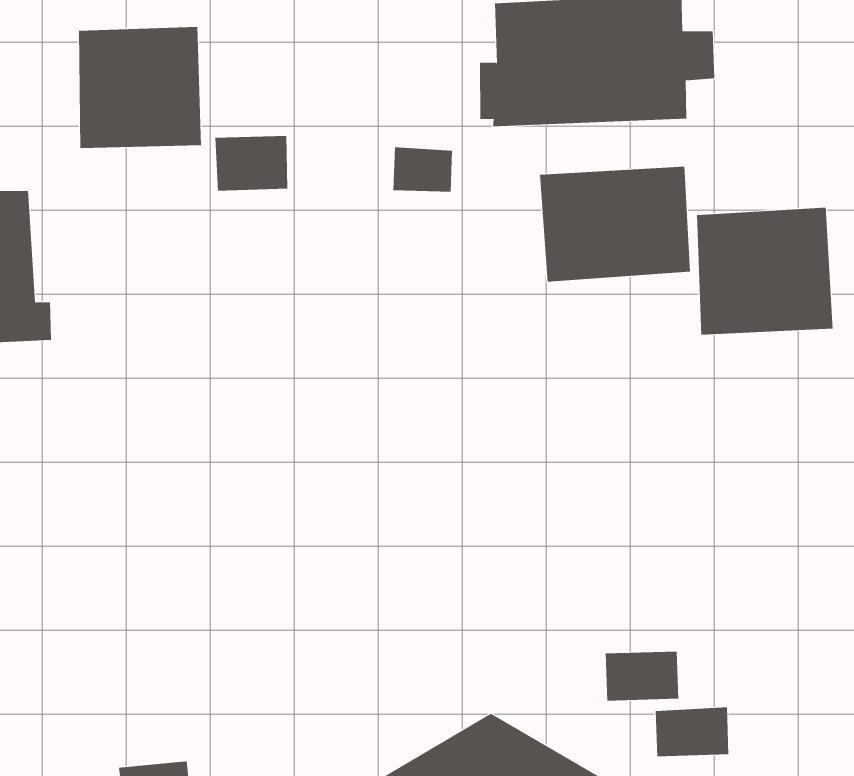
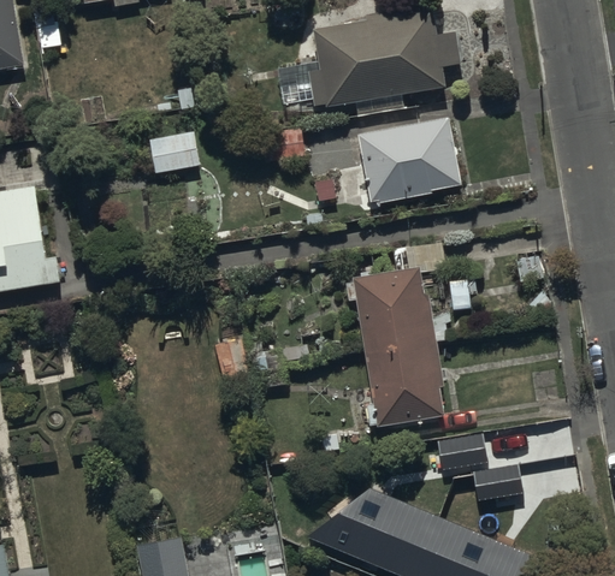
building: [79,26,202,149] -> none
building: [697,207,833,336] -> none
building: none -> [351,247,444,428]

